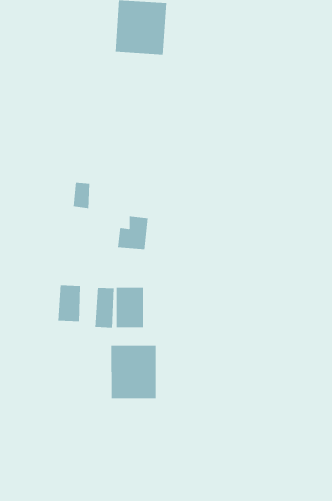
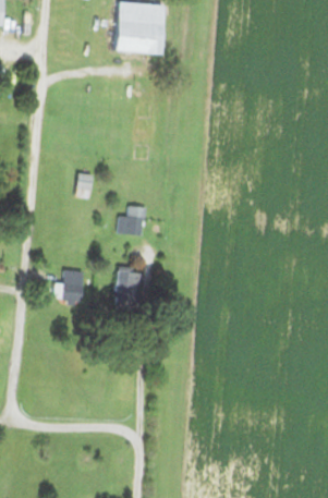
building: [95,287,114,328] -> none
building: [111,345,156,399] -> none

